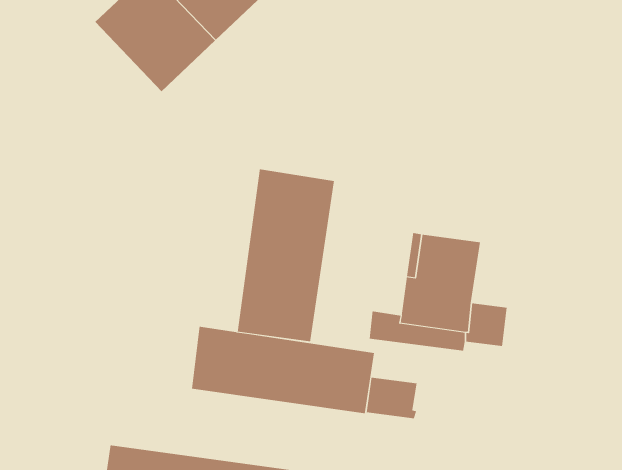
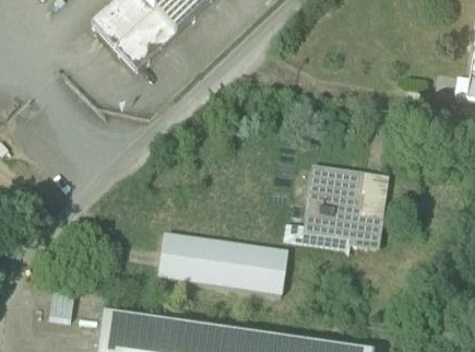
building: [237,169,334,342] -> none
building: none -> [355,168,389,218]
building: [366,377,417,419] -> none

